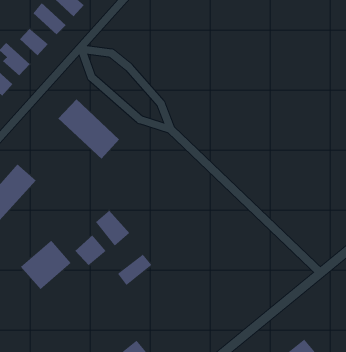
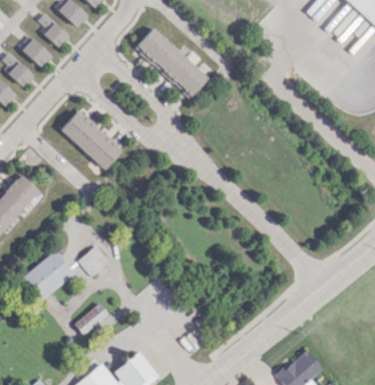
building: none -> [134,27,208,97]
building: [95,210,130,246] -> none
building: [117,254,152,286] -> [73,303,108,335]

